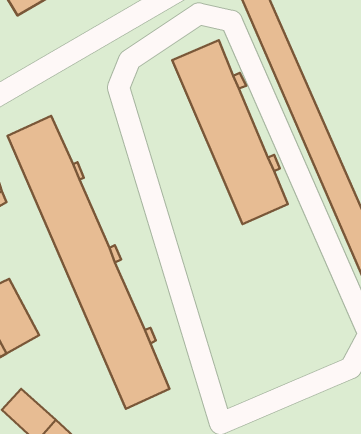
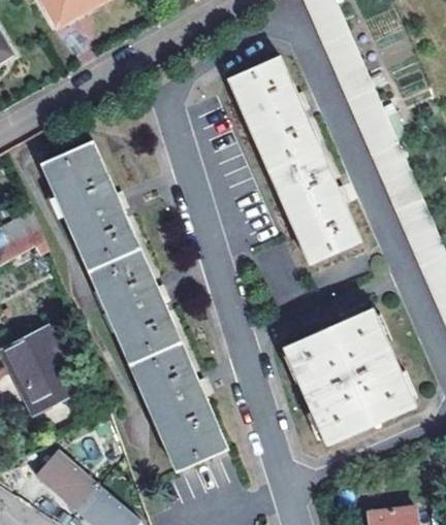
building: none -> [283,306,414,445]

